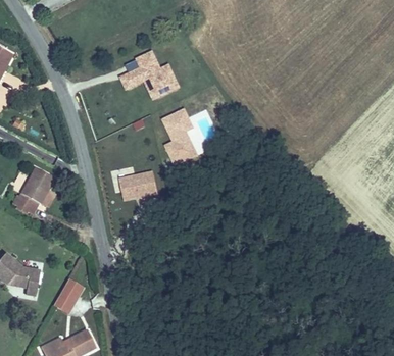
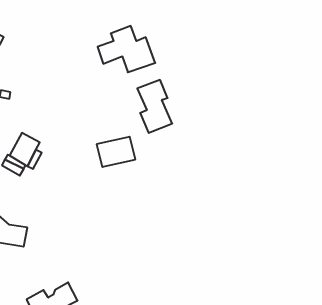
building: [51,277,84,315] -> none

